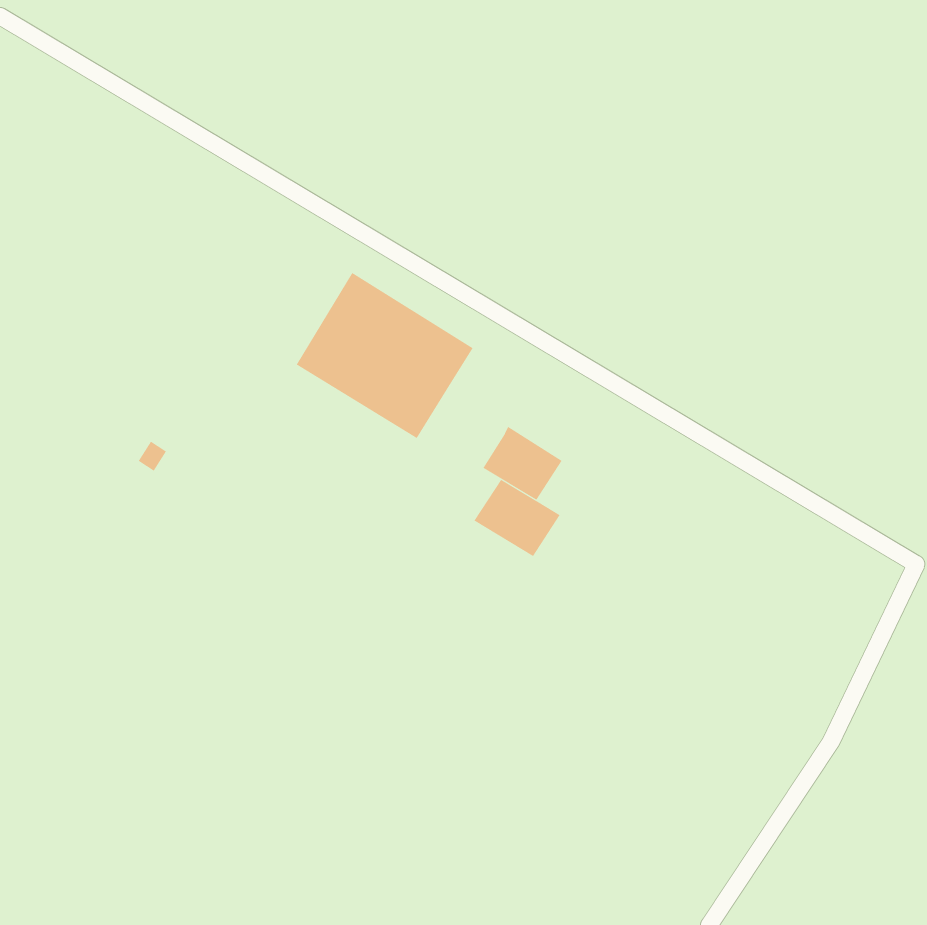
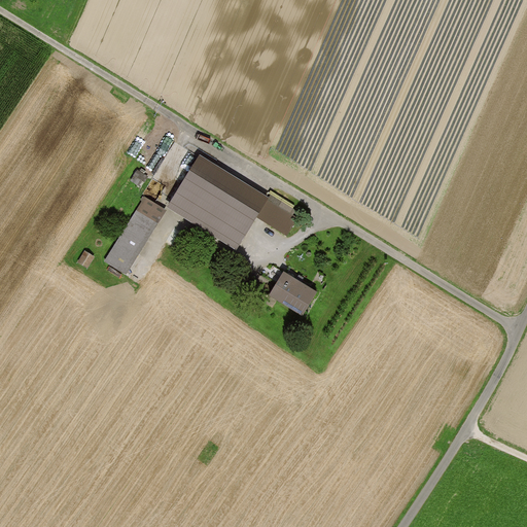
building: none -> [104,196,167,275]
building: [483,426,562,501] -> [256,194,302,236]

